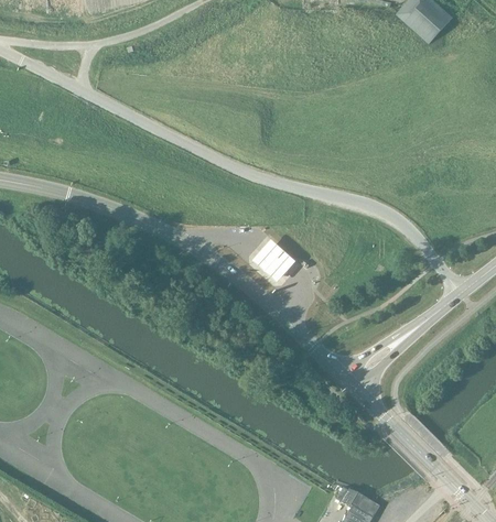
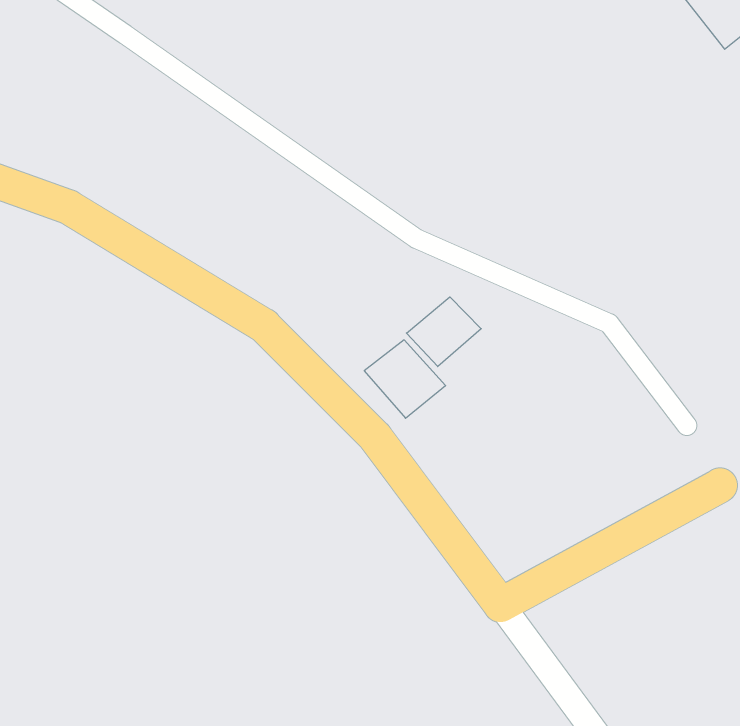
building: none -> [406,297,481,367]

